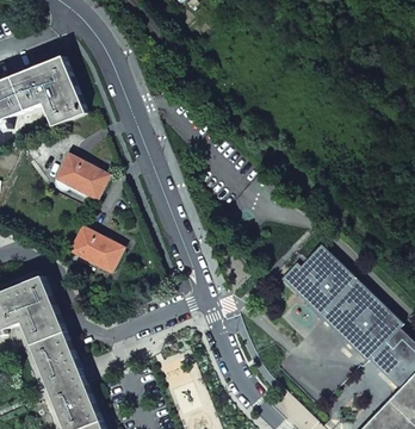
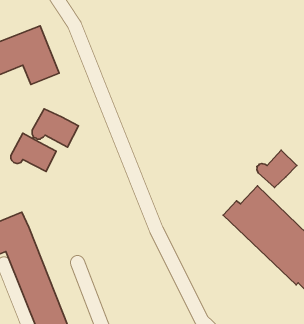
building: none -> [257,150,297,188]
building: [68,225,122,271] -> [11,133,56,172]

